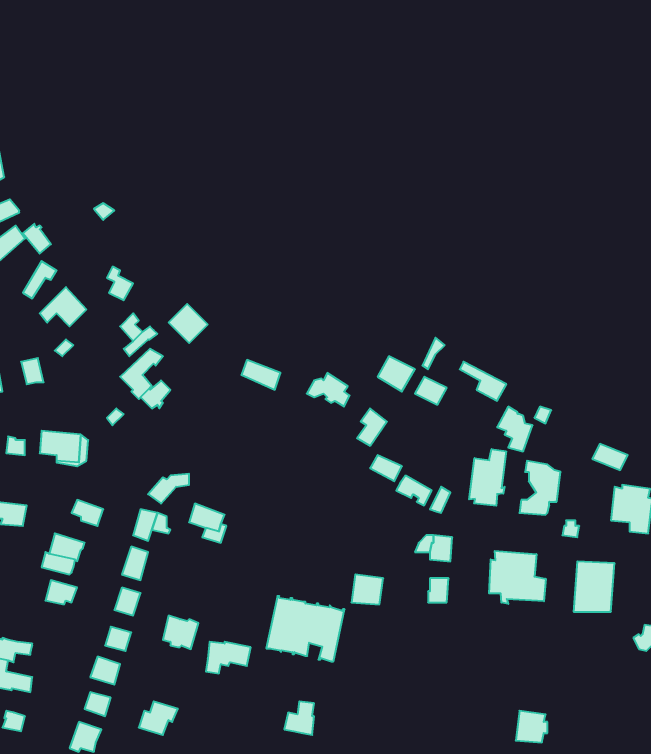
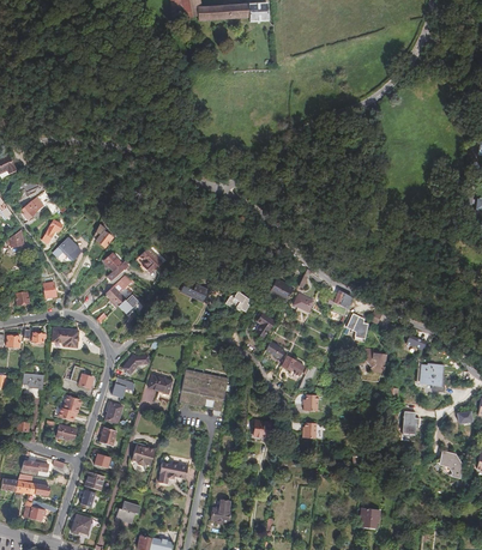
building: [469,449,506,506] -> none
building: [489,551,546,604] -> none
building: [266,596,345,661] -> [179,369,229,411]

